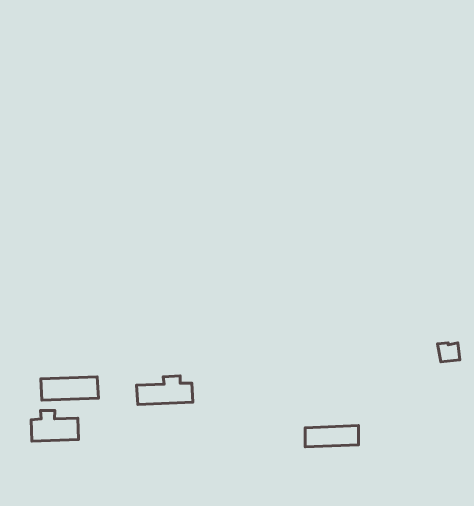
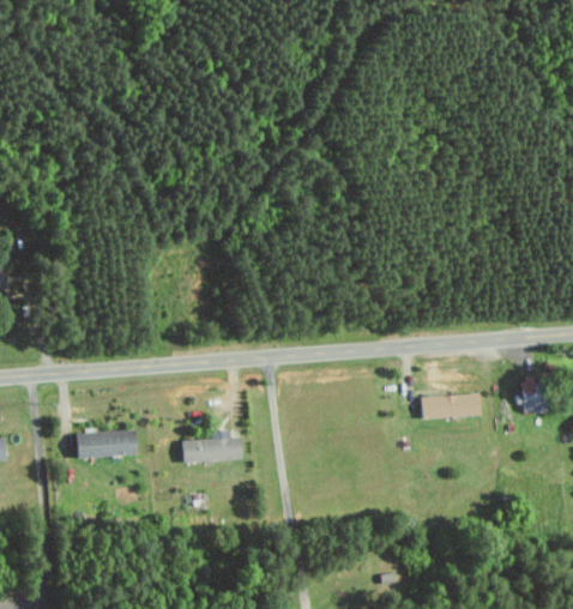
building: [31,411,78,441] -> none
building: [305,426,358,447] -> [420,393,479,417]

